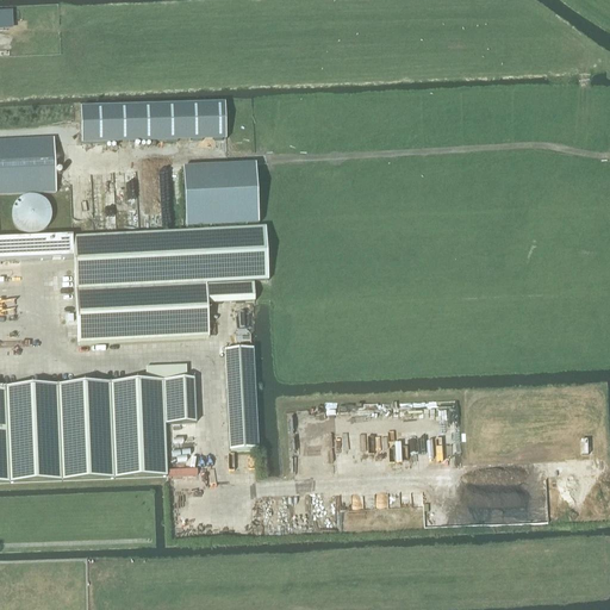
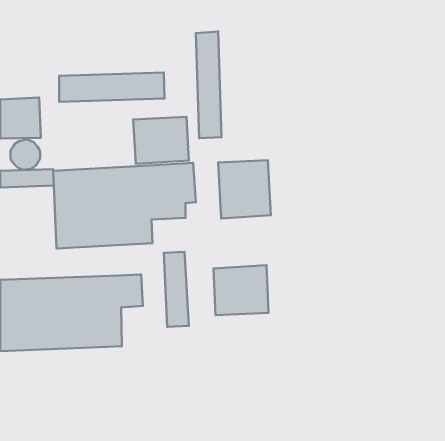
building: none -> [196,31,222,138]
building: none -> [218,160,271,219]
building: none -> [213,265,269,315]

